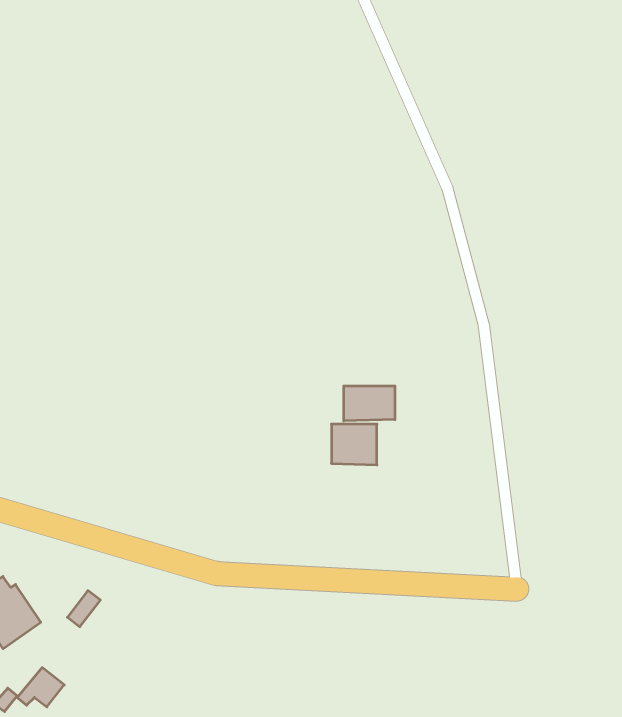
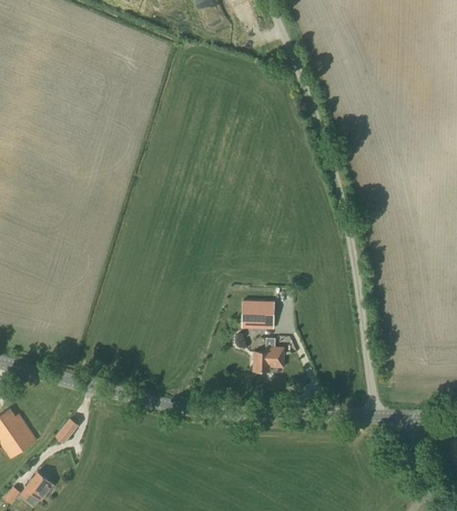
building: [344,386,395,421] -> none
building: none -> [253,347,283,371]

